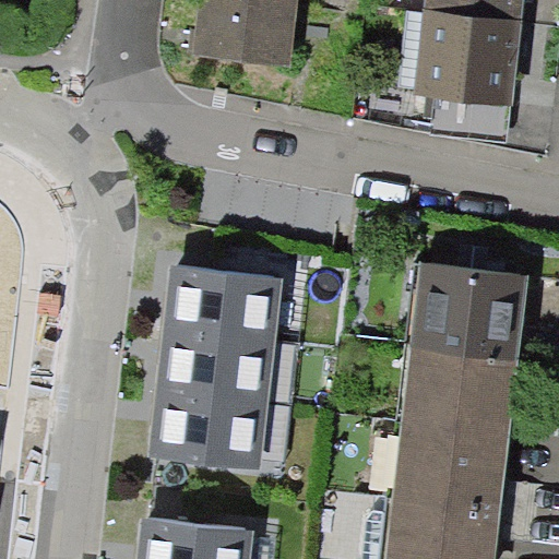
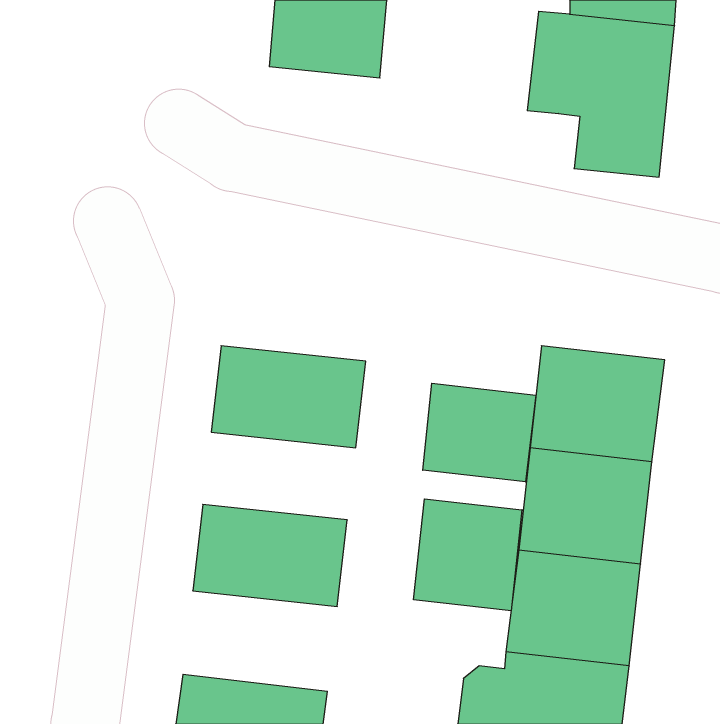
building: none -> [423,383,536,482]
building: [159,333,277,401] -> none
building: none -> [414,499,522,611]

